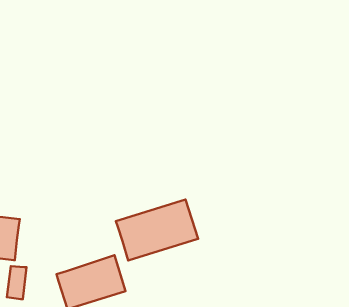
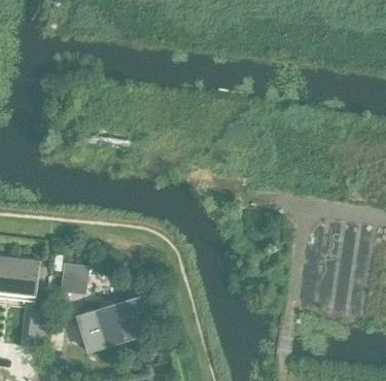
building: [116,200,198,261] -> none
building: none -> [62,264,87,292]

